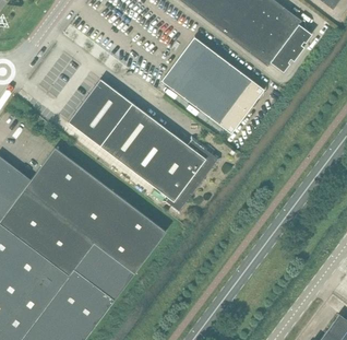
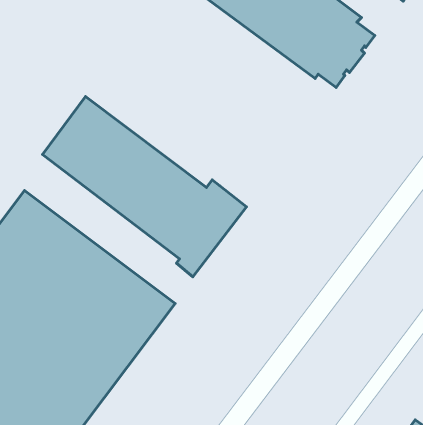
building: [161,37,264,133] -> none

